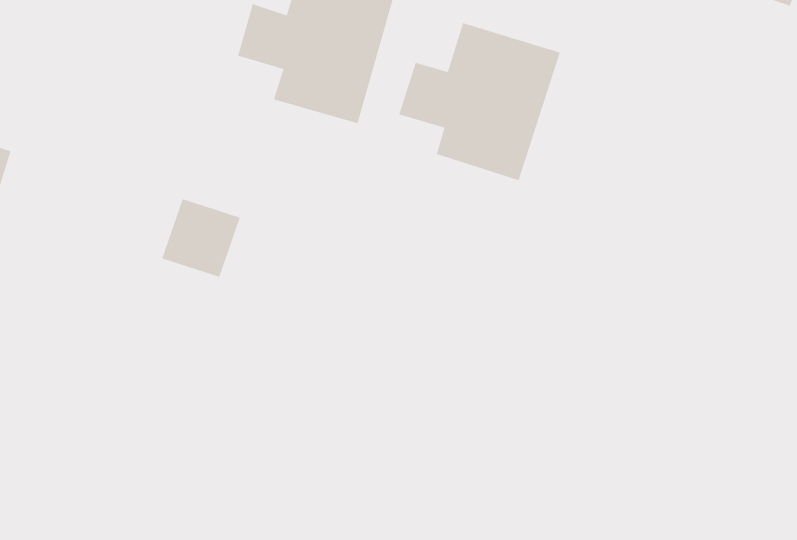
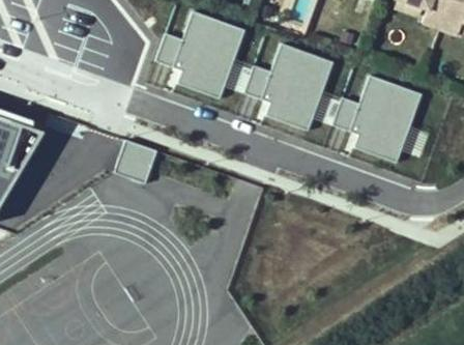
building: none -> [331,75,422,164]

